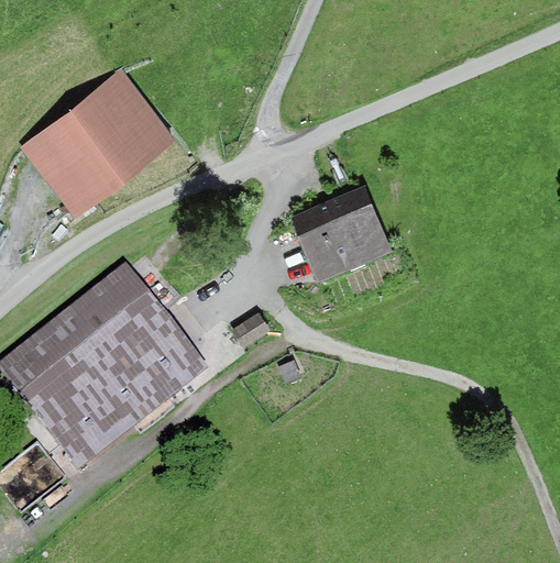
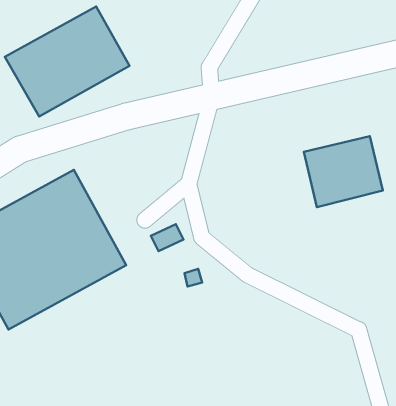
building: [292,183,393,277] -> [304,136,383,207]

